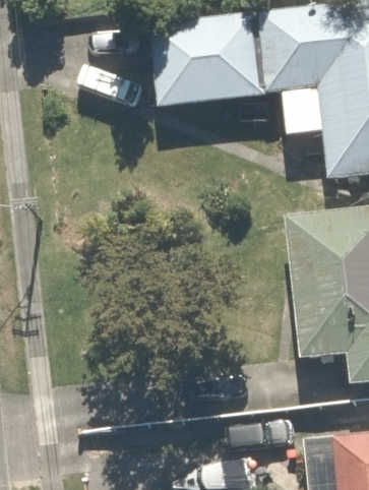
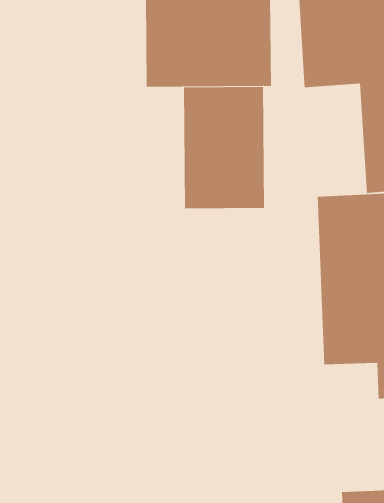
building: none -> [184,86,264,209]

